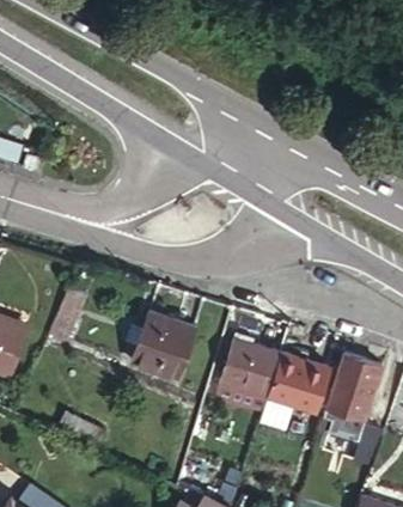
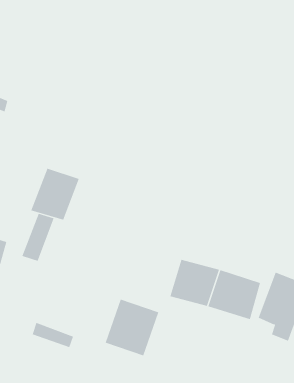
building: none -> [31,168,79,221]
building: [132,311,195,378] -> [105,299,159,356]

